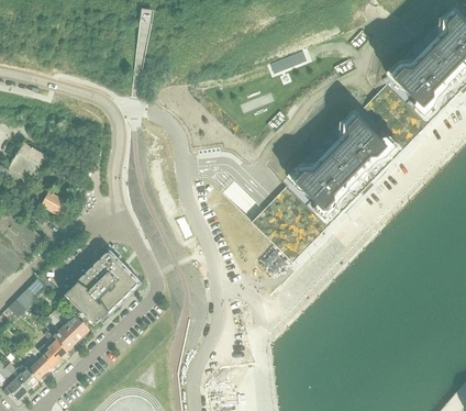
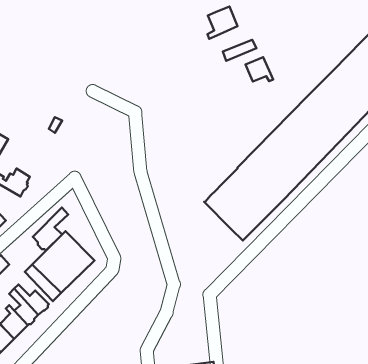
building: none -> [207,6,238,39]
building: none -> [246,57,273,82]
building: none -> [33,208,68,251]

